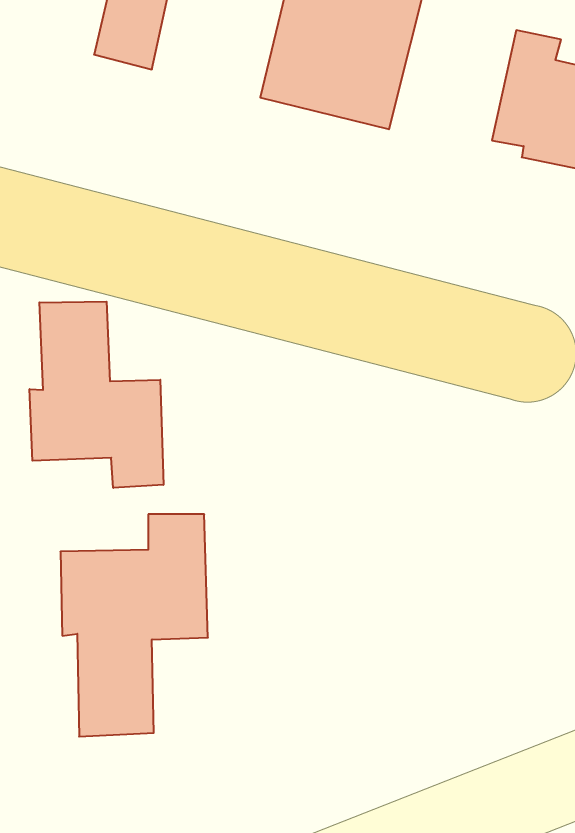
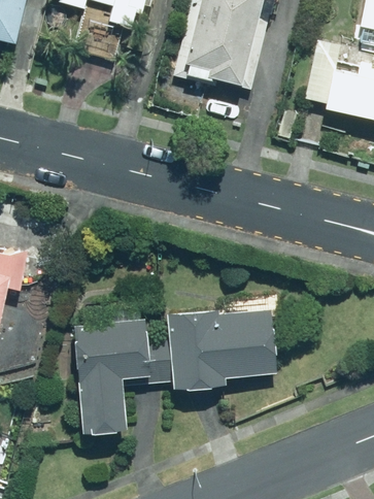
building: [30,302,163,488] -> none
building: none -> [168,308,277,388]

